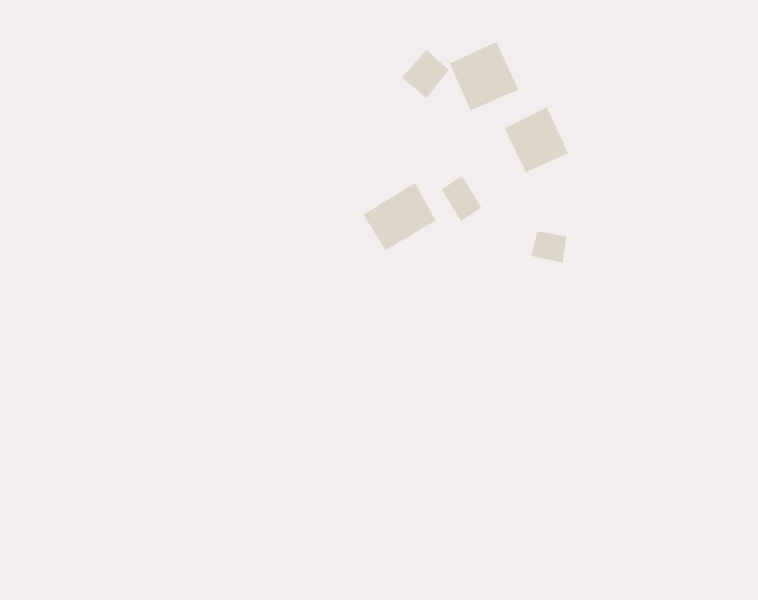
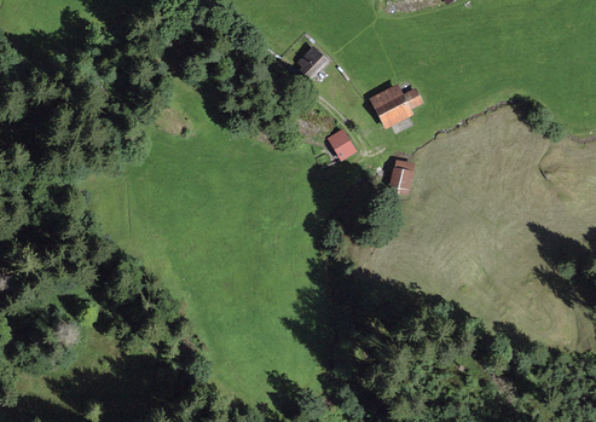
building: [449,41,519,111] -> none
building: [363,182,437,251] -> none

